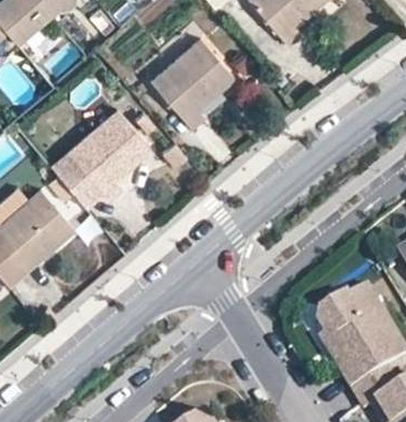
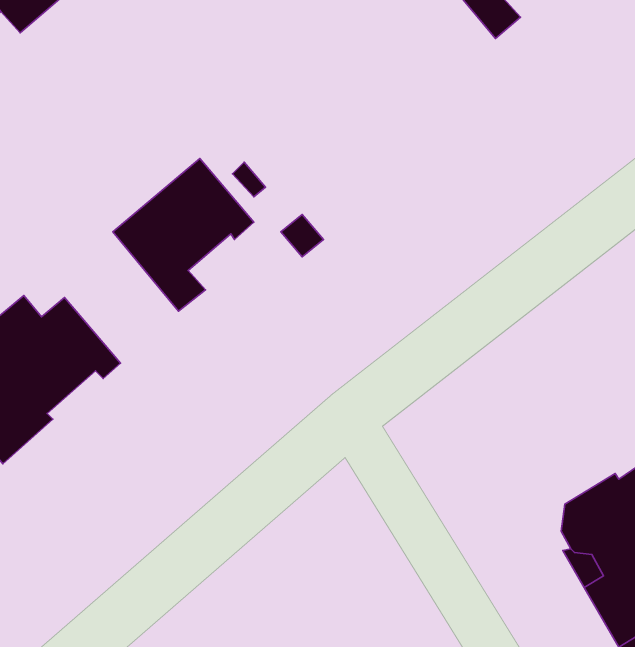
building: [150,36,232,124] -> none
building: [48,149,99,203] -> none

